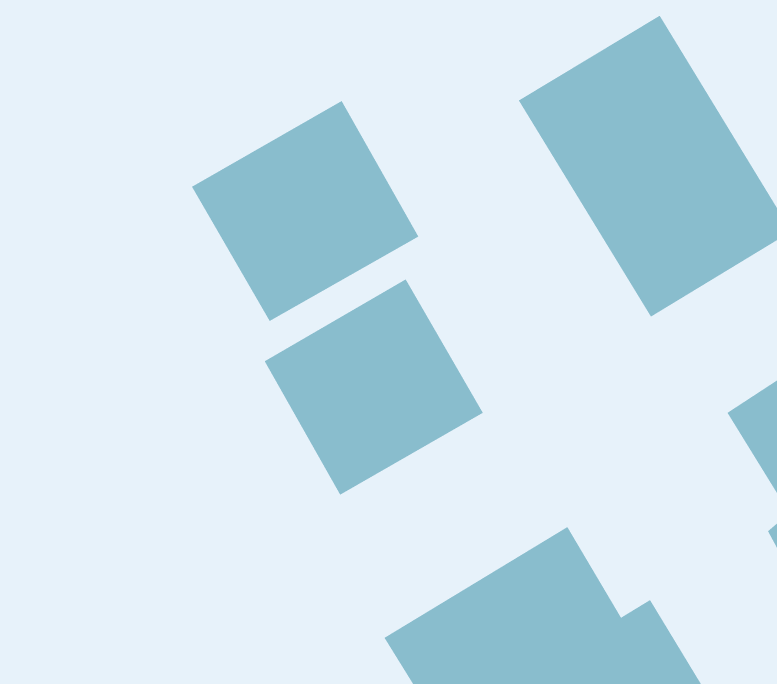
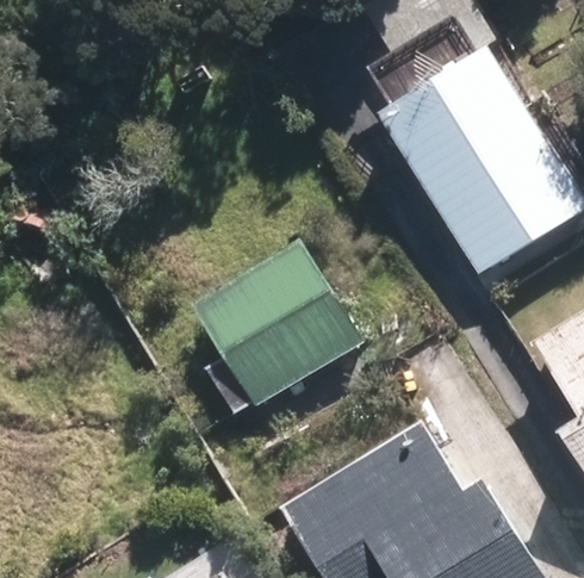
building: [191,100,419,322] -> none

